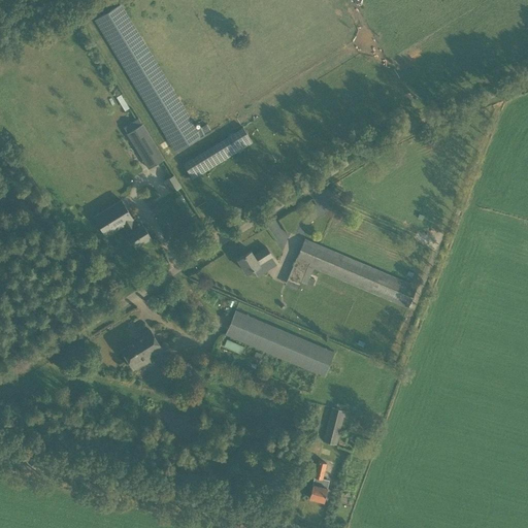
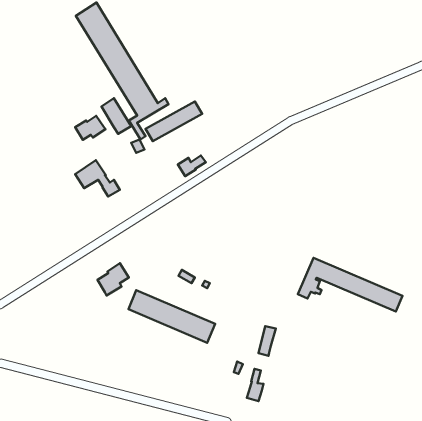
building: none -> [75,116,105,140]
building: [285,240,416,307] -> [298,258,403,312]
building: [237,249,272,274] -> [178,156,206,176]
building: [226,311,334,377] -> [129,290,215,343]

